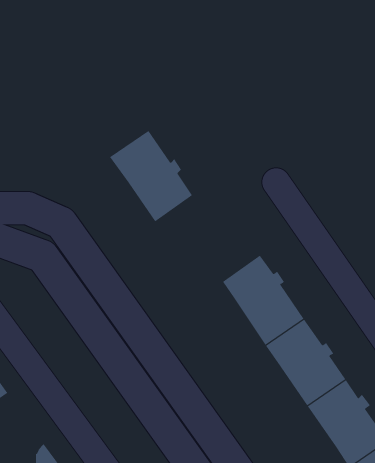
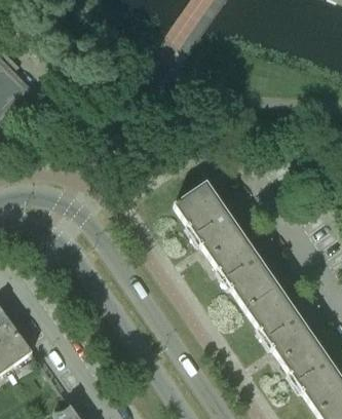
building: [109,130,193,222] -> [173,182,242,259]

